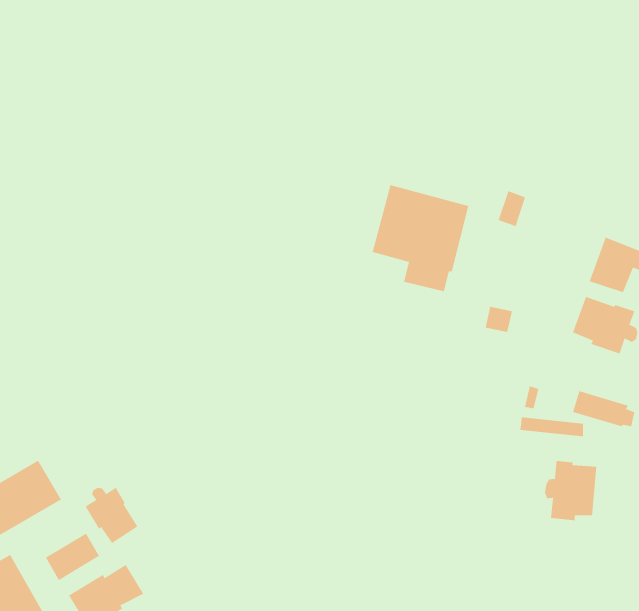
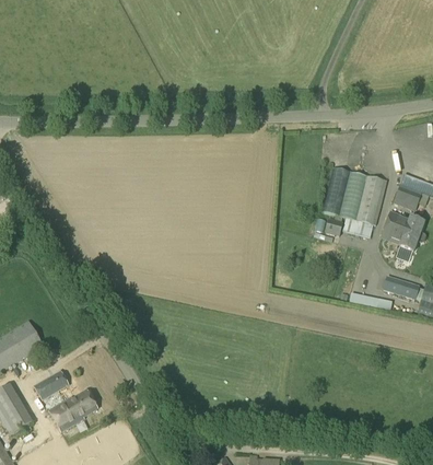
building: [372,184,469,292] -> [321,166,386,237]
building: [544,460,597,521] -> none
building: [85,487,138,544] -> none

